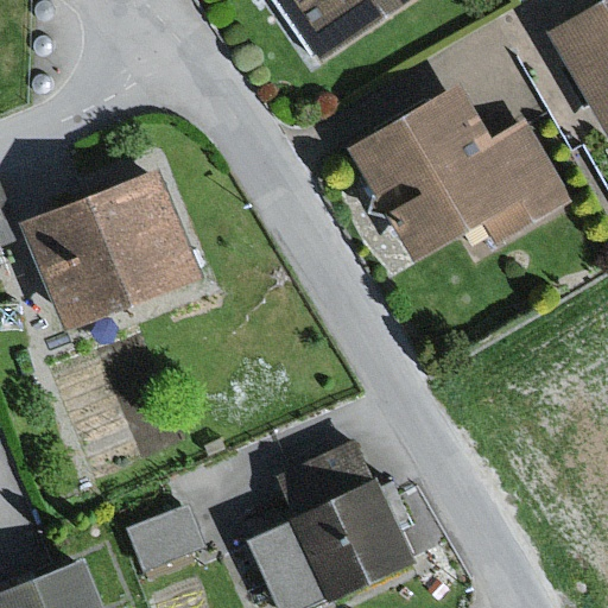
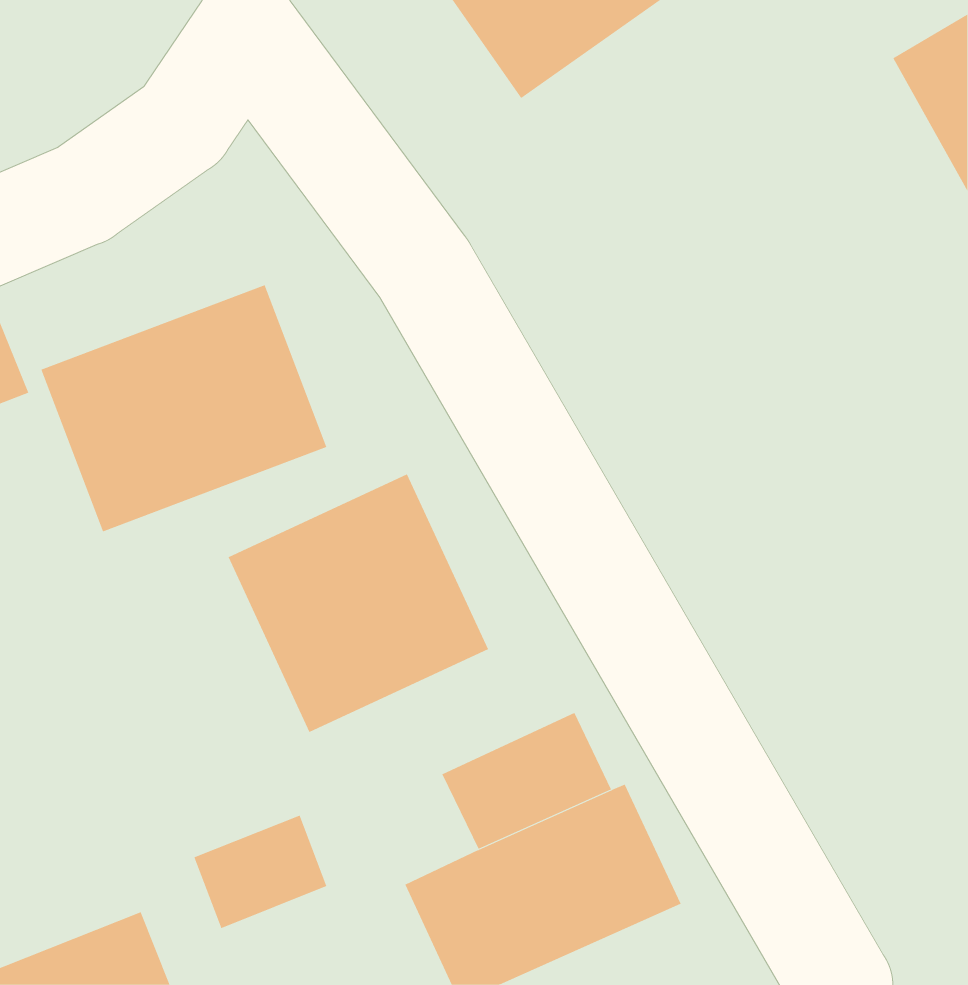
building: [347,83,570,264] -> none
building: none -> [228,473,489,733]

